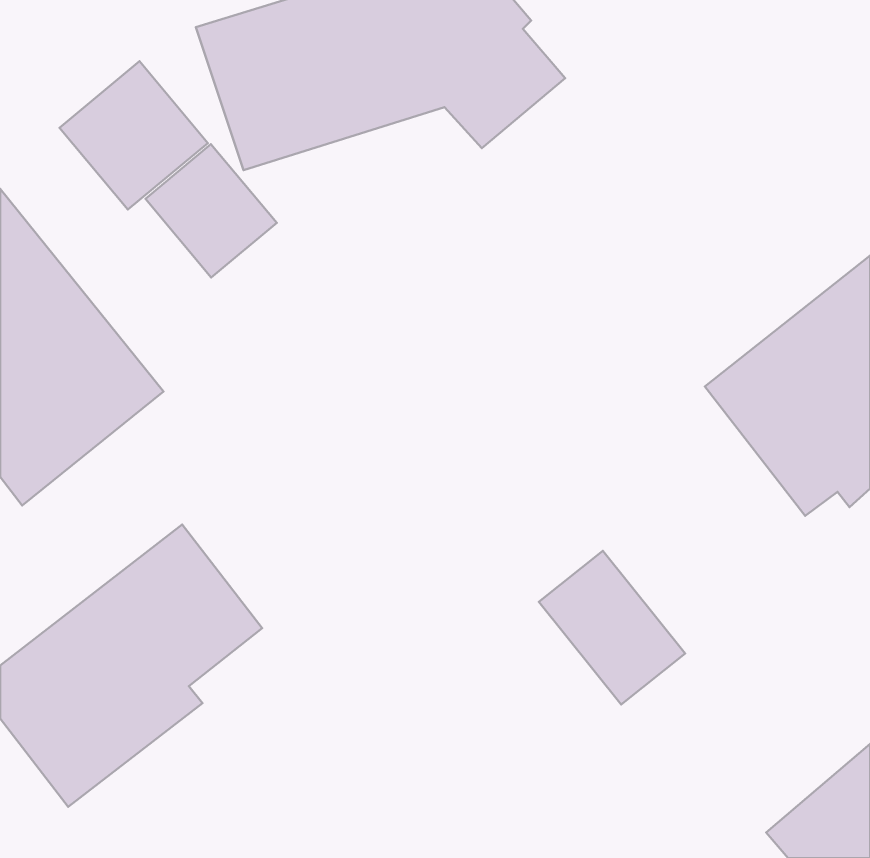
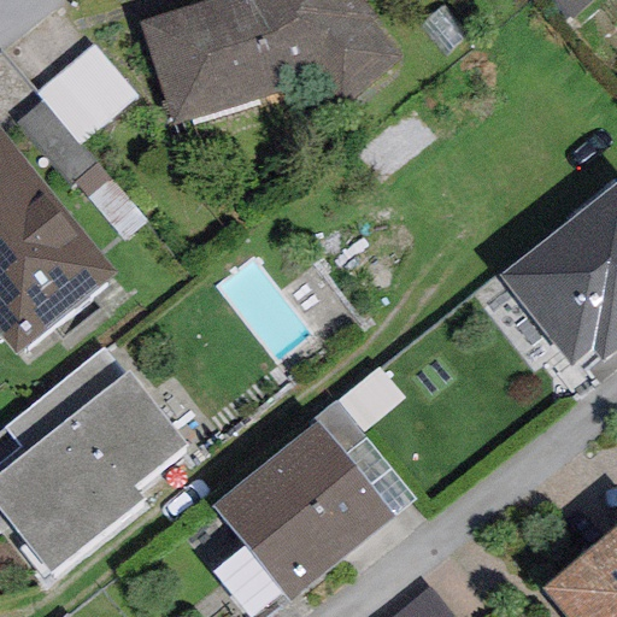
building: [145,144,277,277] -> none
building: [539,551,685,705] -> none
building: none -> [212,419,395,600]

